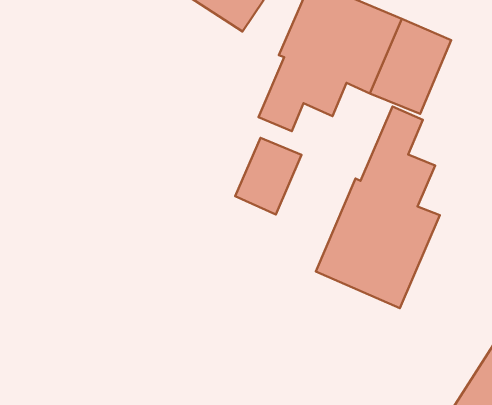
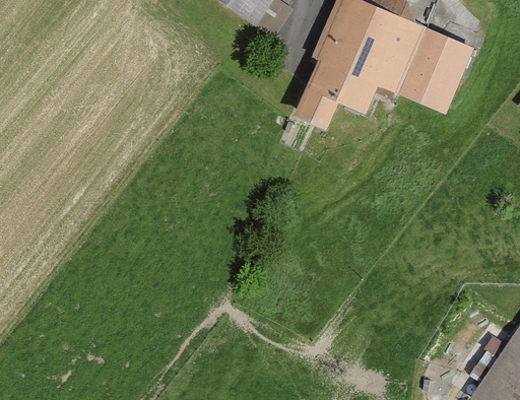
building: [316,107,440,308] -> none
building: [235,138,301,215] -> none

